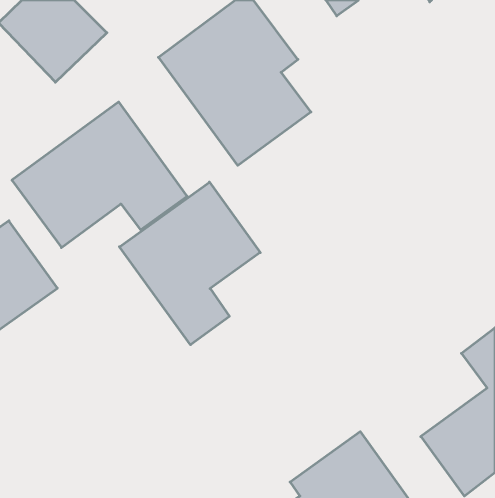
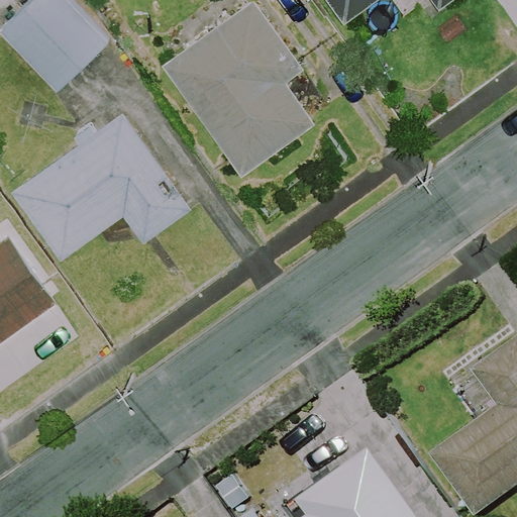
building: [119,182,260,345] -> none

